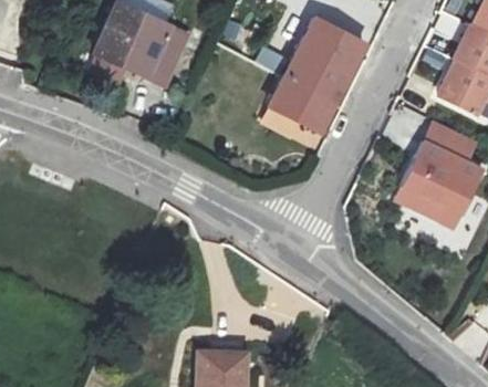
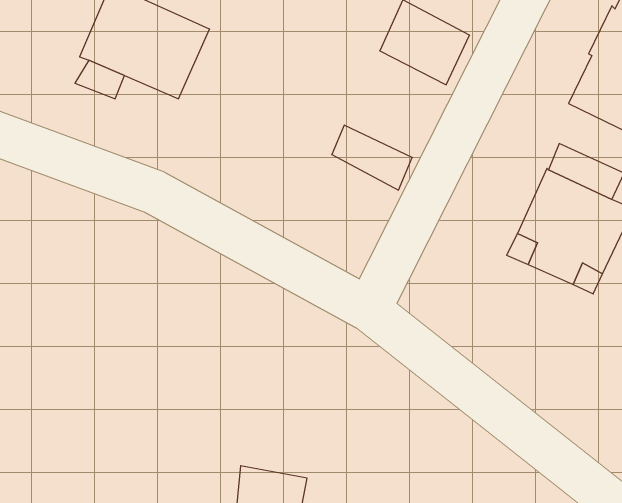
building: [278,53,351,129] -> none

